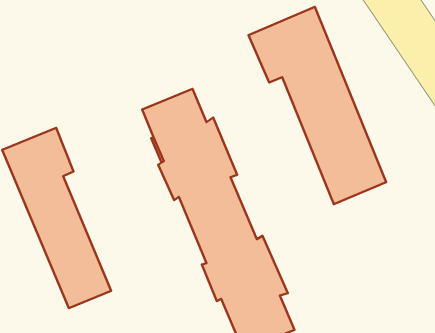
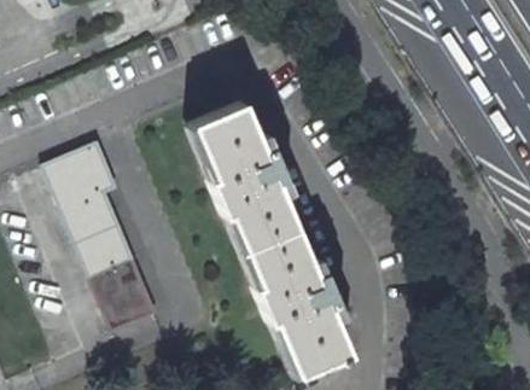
building: [249,7,386,204] -> none

